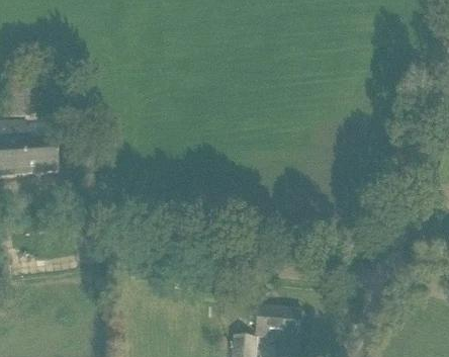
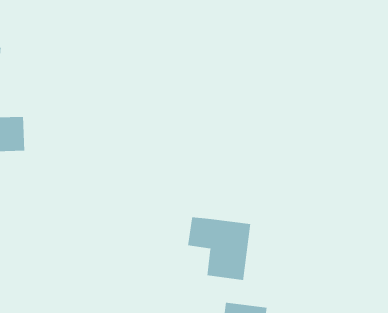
building: none -> [188,216,251,281]

